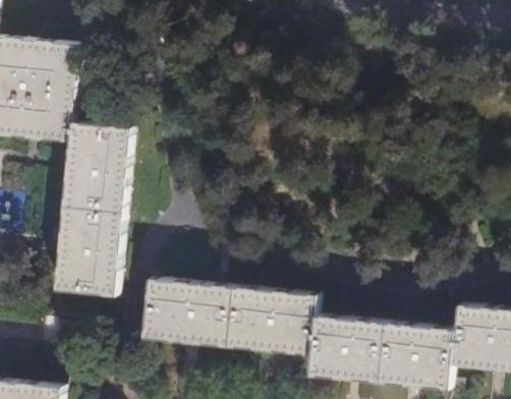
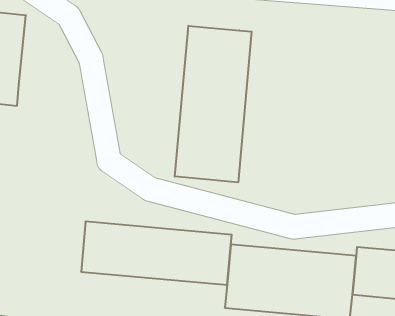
building: none -> [175,26,252,182]
building: [54,119,133,291] -> none

